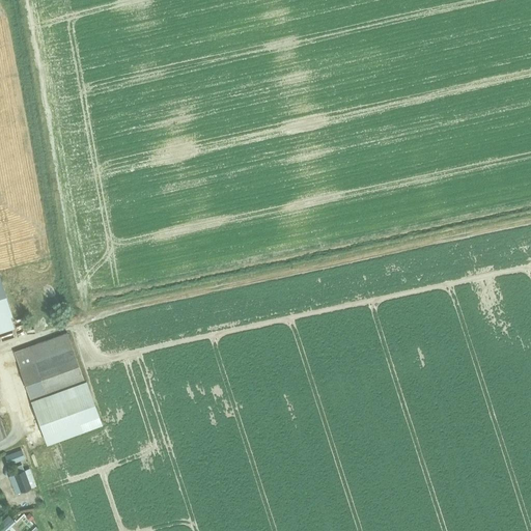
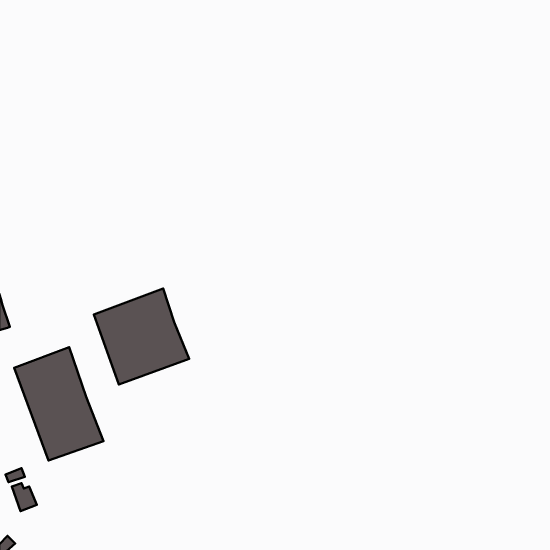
building: none -> [94,288,189,385]

